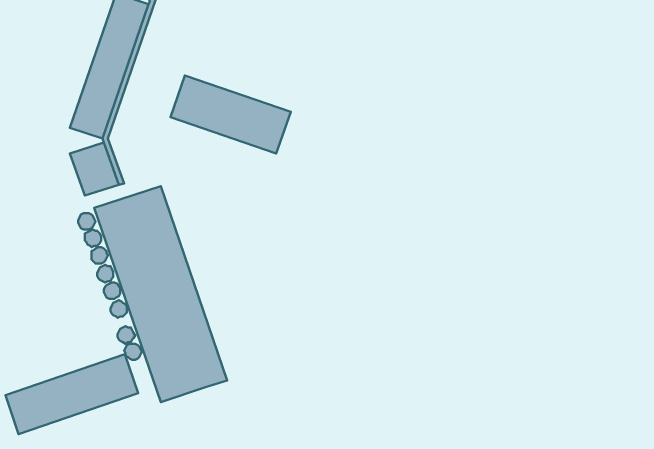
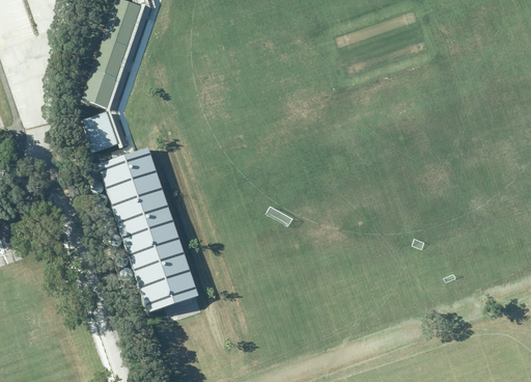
building: [170,76,291,153] -> none
building: [5,354,138,434] -> none

